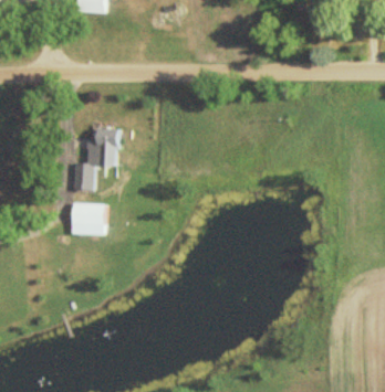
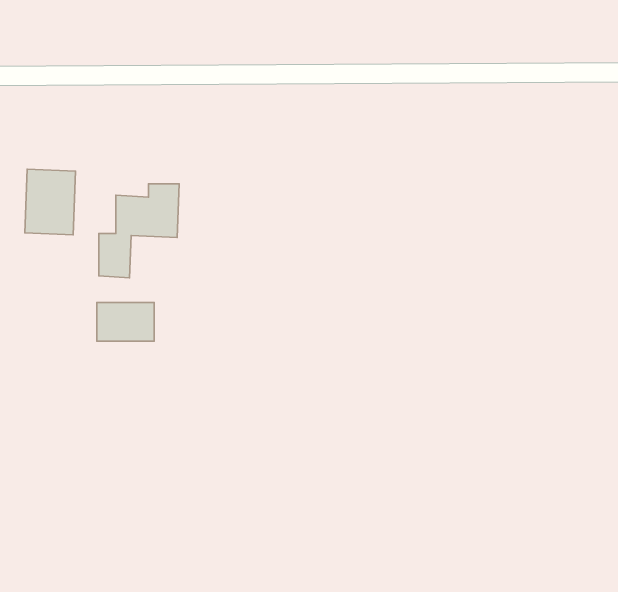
building: none -> [25,169,76,235]

